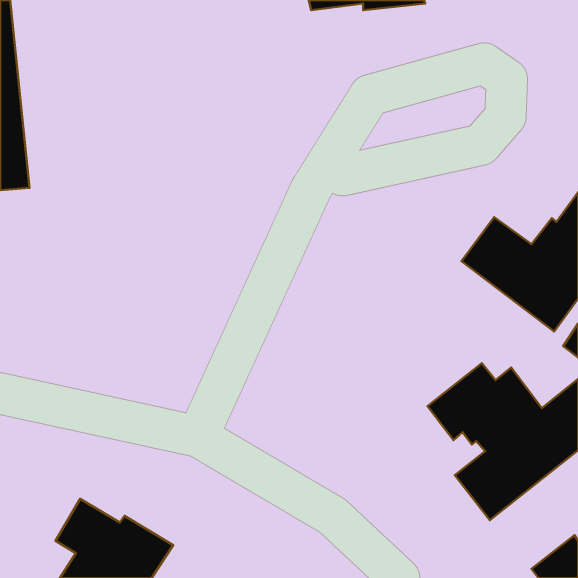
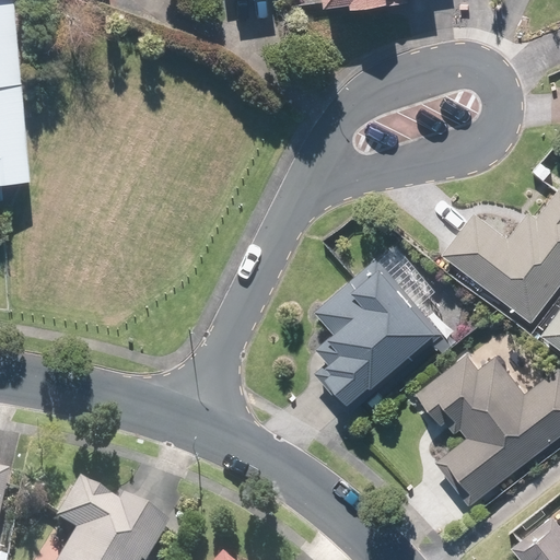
building: none -> [314,258,442,408]

